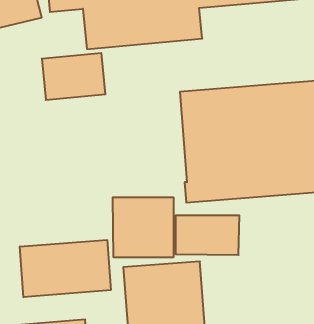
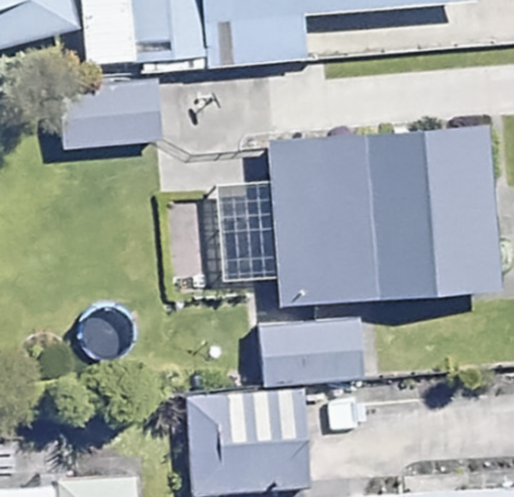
building: [113,197,173,257] -> none
building: [20,240,111,297] -> none

